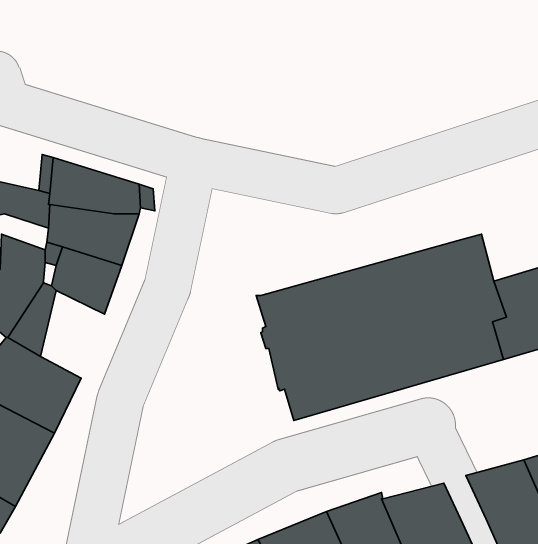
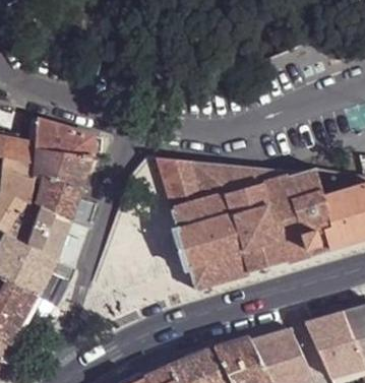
building: none -> [157,153,300,206]
building: none -> [28,203,70,260]

